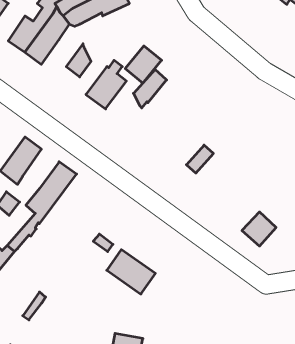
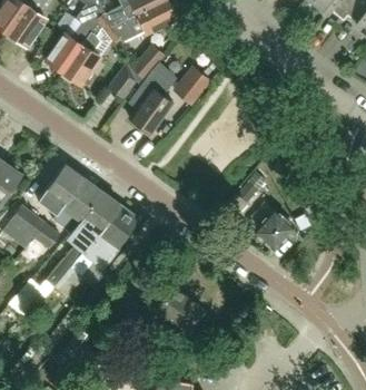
building: [133,70,167,108] -> [128,43,164,85]
building: none -> [61,177,100,220]
building: none -> [70,204,137,279]
building: [242,212,276,246] -> [254,211,290,247]

